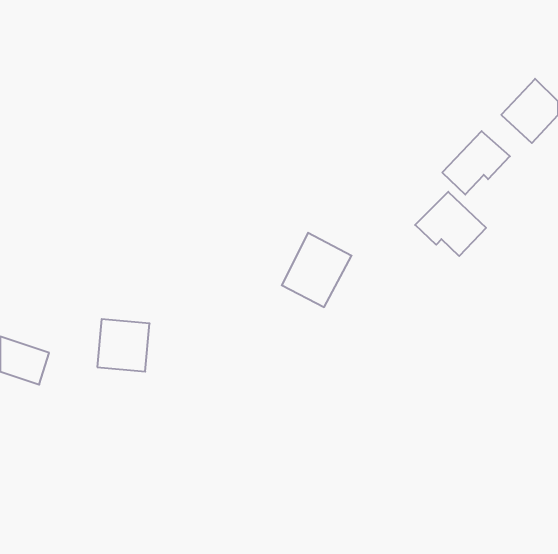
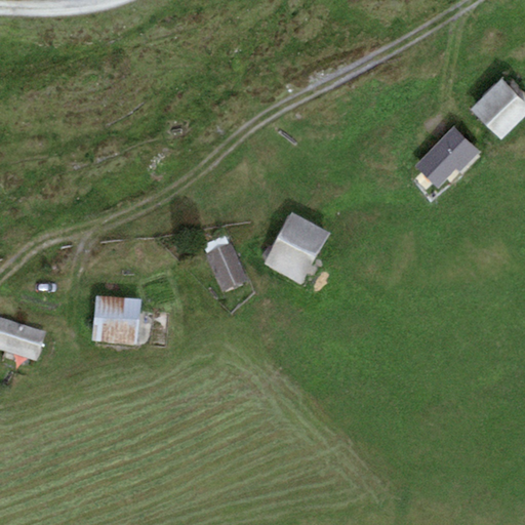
building: [415,192,486,256] -> none
building: none -> [207,246,246,292]

